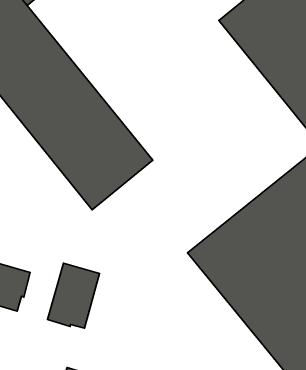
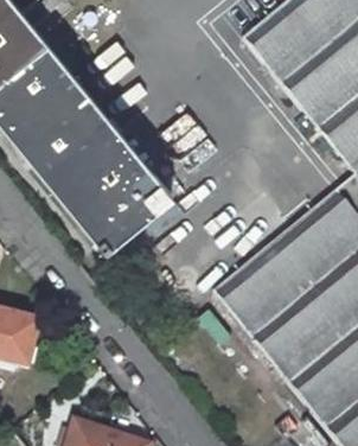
building: [48,263,99,328] -> none

